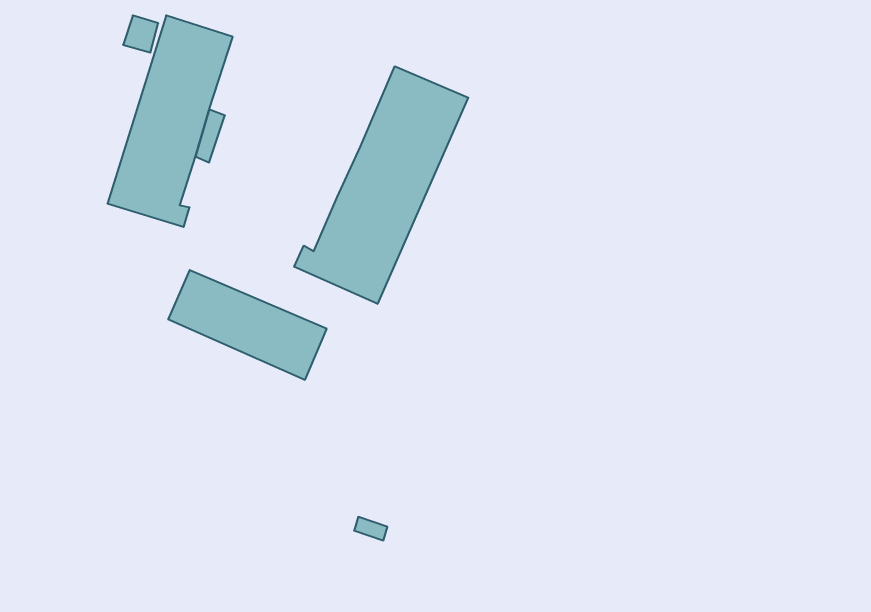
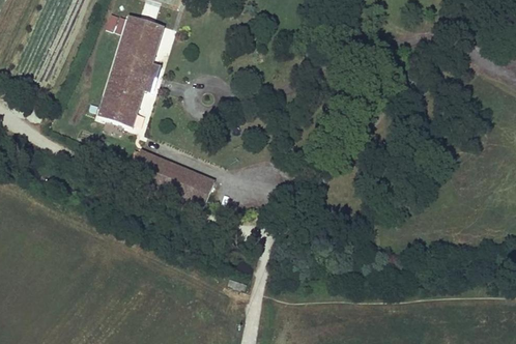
building: [294,66,468,304] -> none

